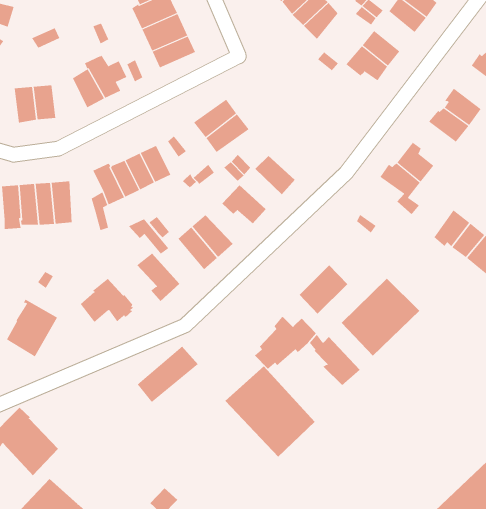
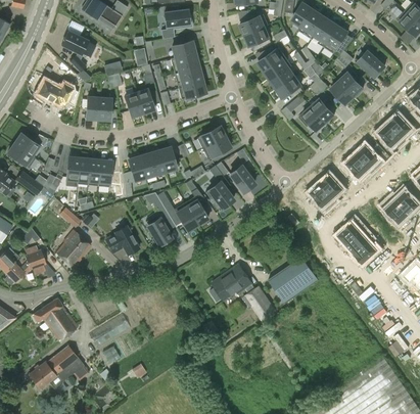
building: [299,265,348,314] -> none
building: [137,346,198,403] -> [90,314,131,347]
building: [225,365,316,458] -> none

